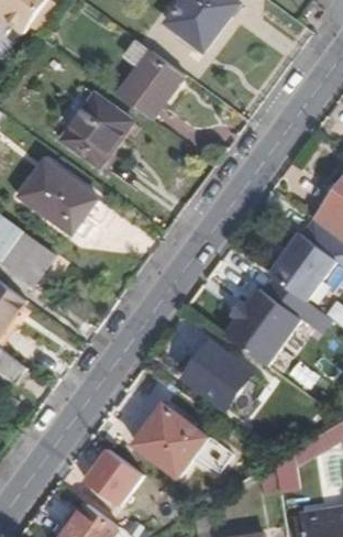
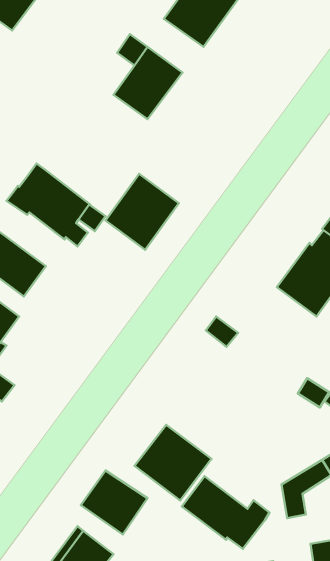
building: [60,95,130,166] -> [106,174,179,250]
building: [226,289,302,366] -> none
building: [184,341,253,409] -> none
building: none -> [182,476,269,549]

